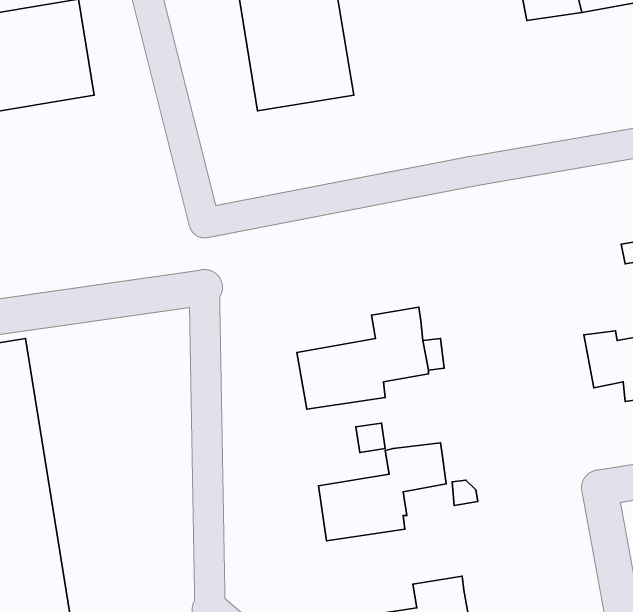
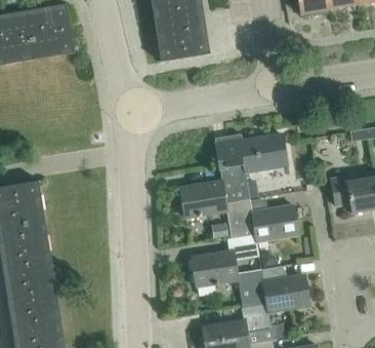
building: none -> [215,133,287,176]
building: none -> [225,198,298,241]
building: none -> [236,269,309,311]

